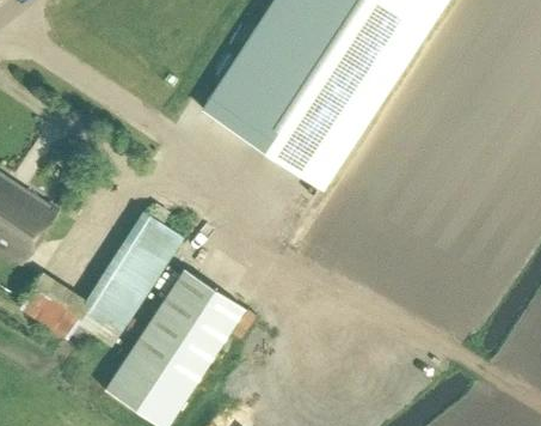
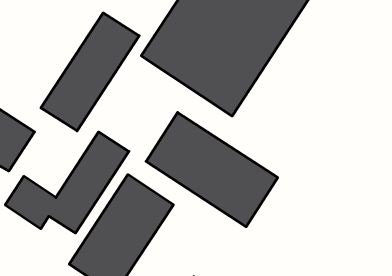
building: none -> [41,13,139,131]
building: none -> [146,112,278,227]

